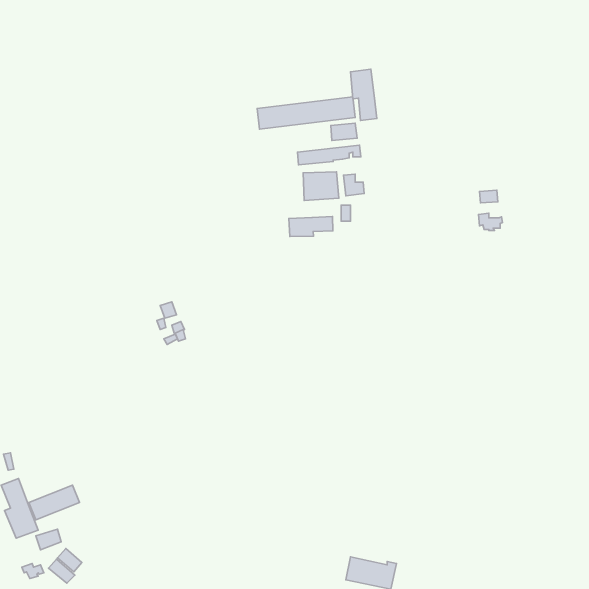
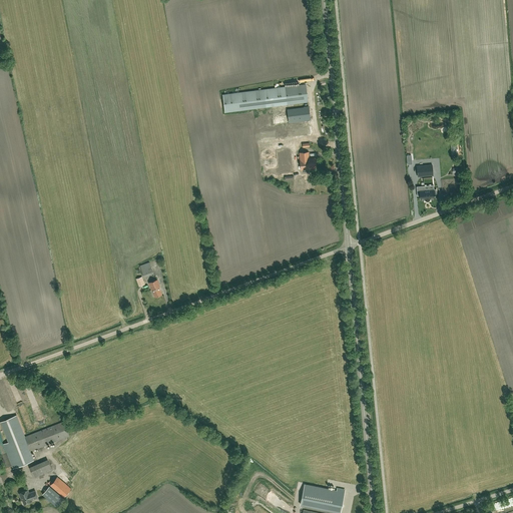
building: [351,69,377,120] -> none
building: [289,217,333,236] -> none

